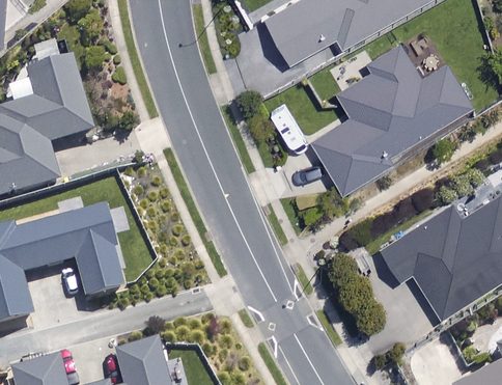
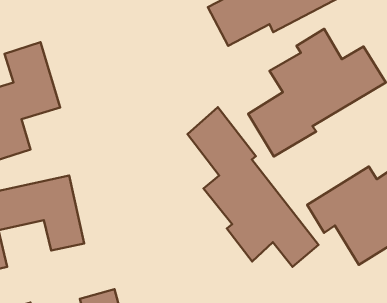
building: none -> [187,107,318,267]

